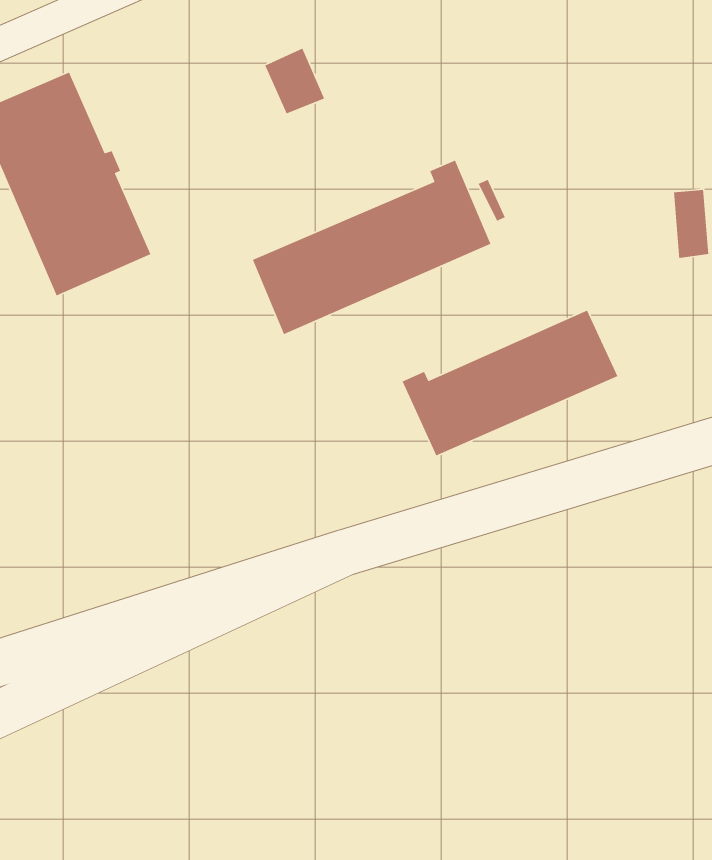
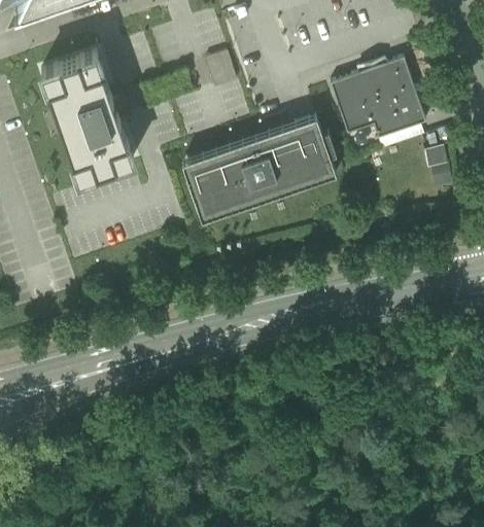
building: none -> [330,56,425,147]
building: [402,309,618,457] -> none

